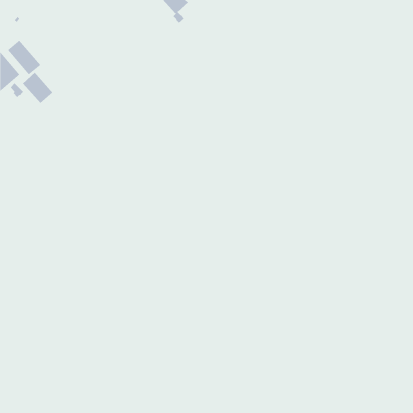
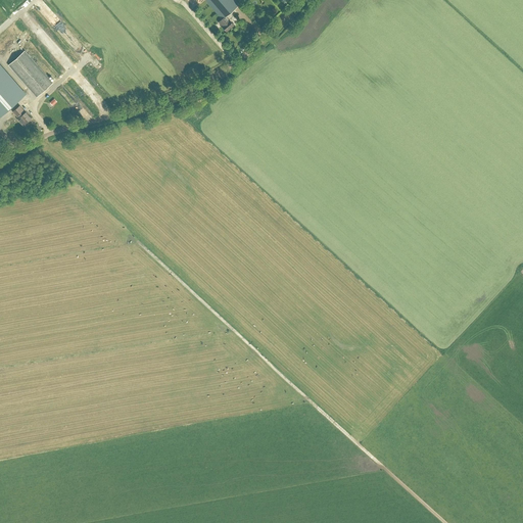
building: [22,72,53,104] -> none

